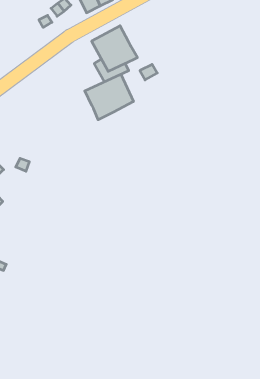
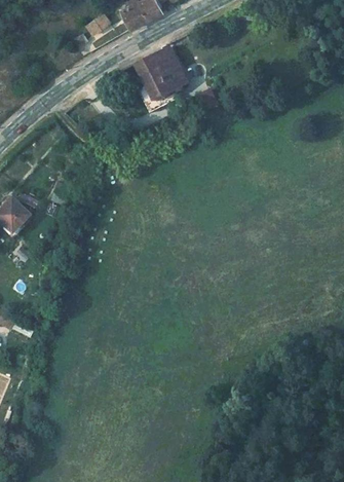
building: [85,74,133,120] -> none

